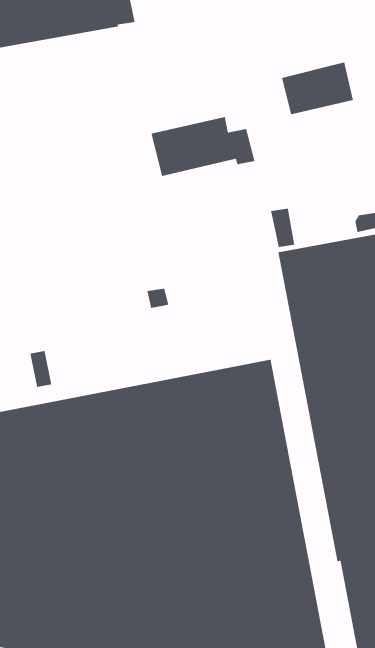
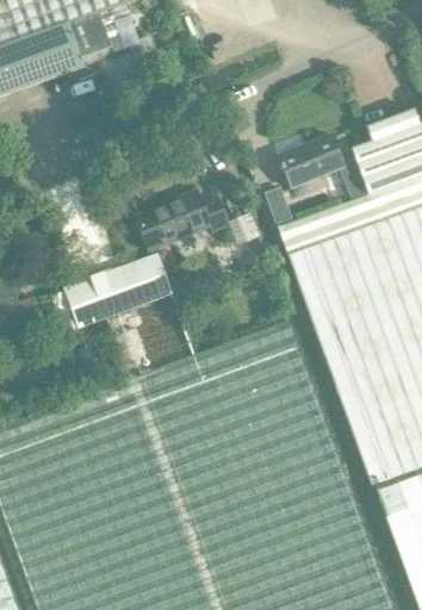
building: [281,62,354,115] -> [280,137,346,191]
building: [151,116,255,177] -> [136,193,230,254]
building: none -> [52,256,174,343]

